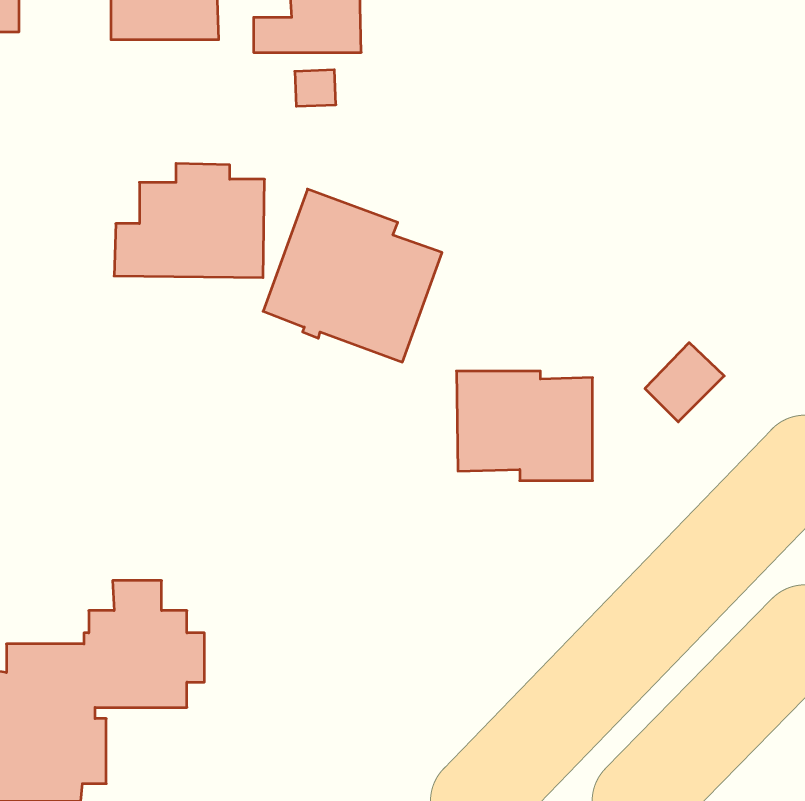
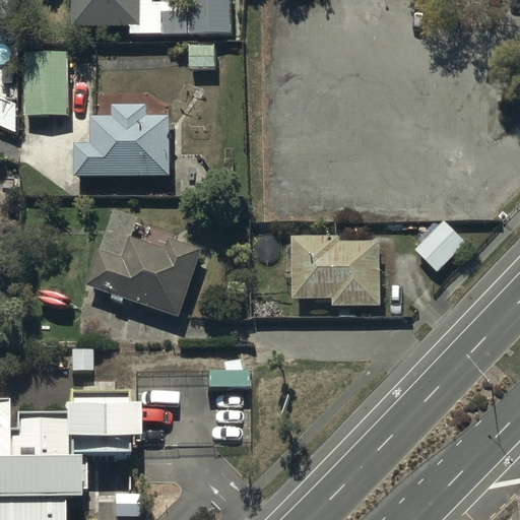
building: none -> [23,50,66,114]
building: [263,189,442,362] -> [86,207,201,318]

